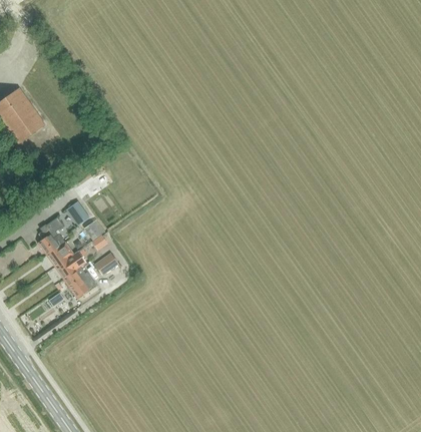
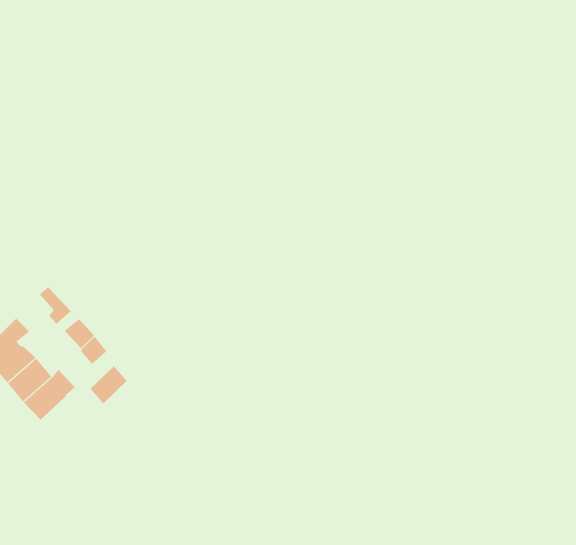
building: [64,266,90,298] -> none

